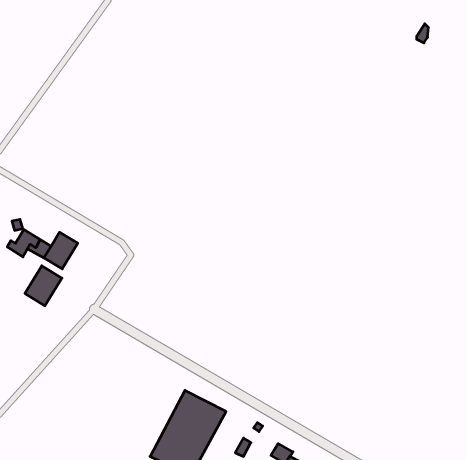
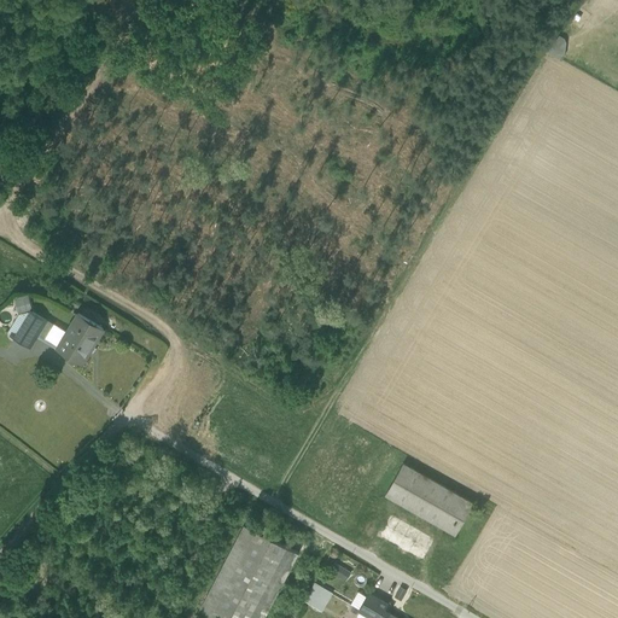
building: [25,266,62,306] -> none
building: none -> [384,465,471,536]

